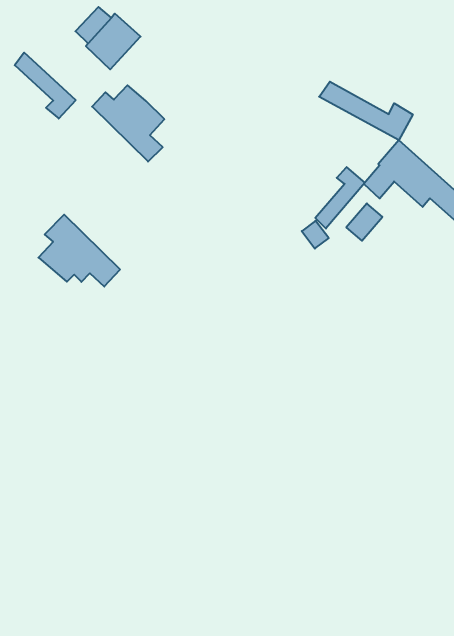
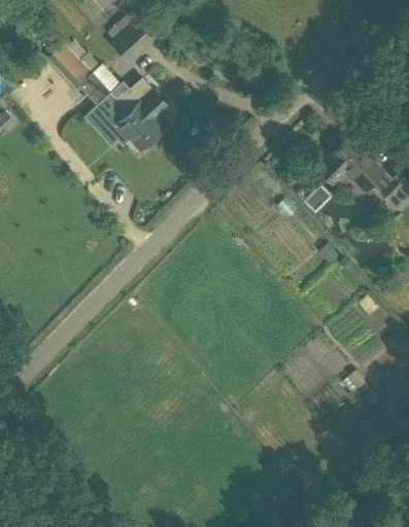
building: [319,82,413,140] -> none
building: [315,167,365,229] -> none
building: [38,215,120,287] -> [91,91,154,149]

